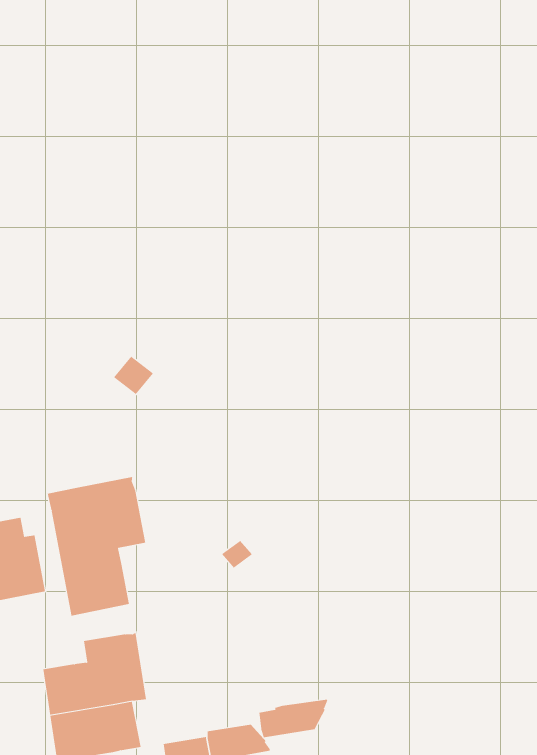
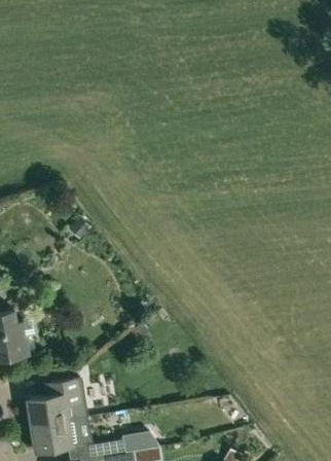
building: [47,476,146,616] -> none
building: [259,699,328,738] -> none

